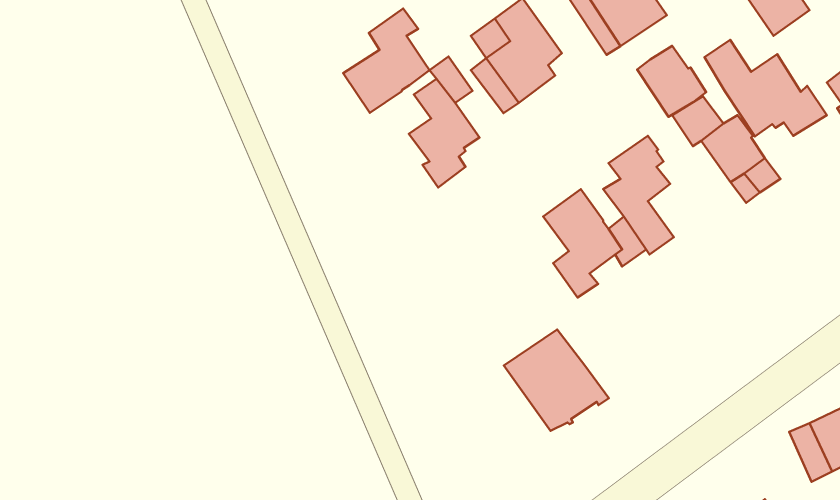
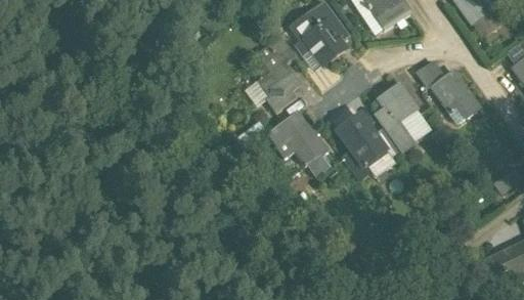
building: [343,9,429,113] -> none
building: [704,40,827,136] -> none
building: [637,46,706,117] -> none
building: [504,329,609,431] -> [266,110,329,170]

